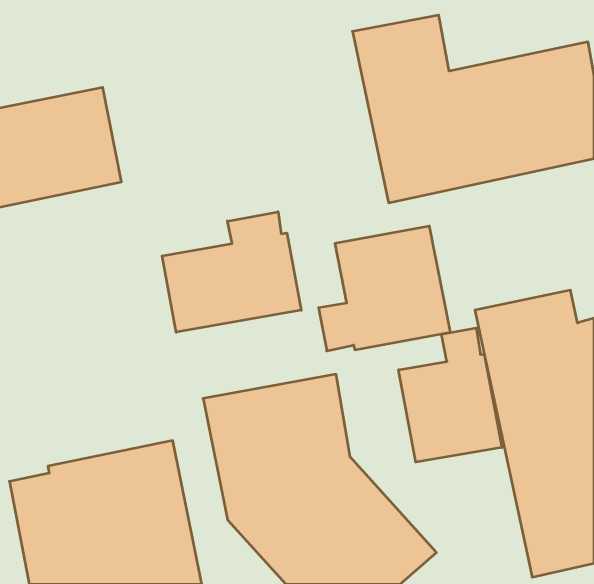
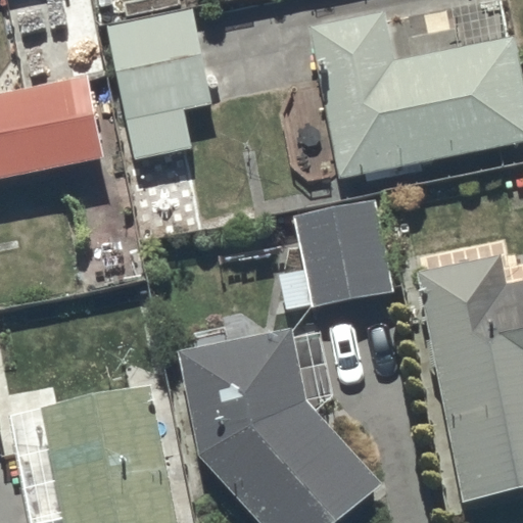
building: none -> [109,7,212,156]
building: [162,212,301,332] -> none
building: [399,328,502,462] -> none

